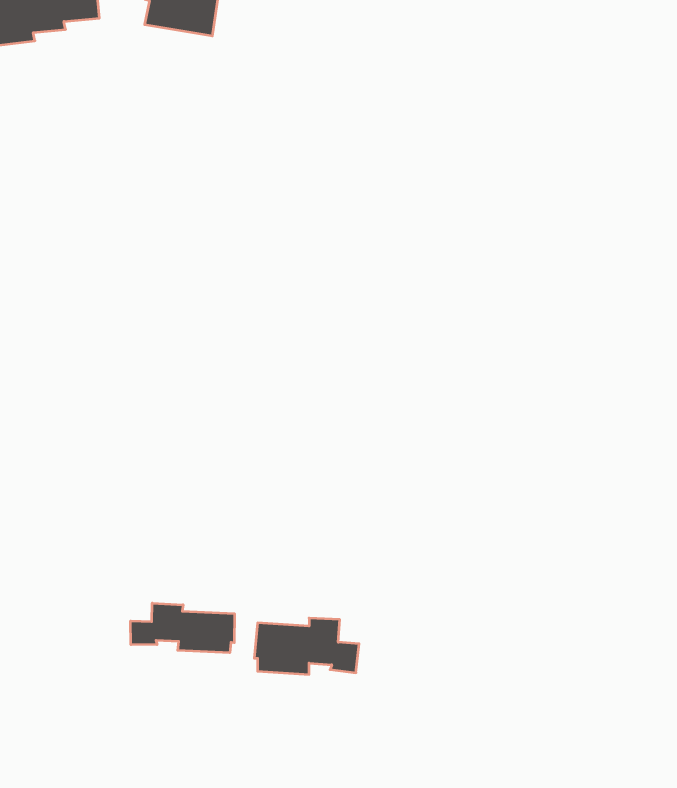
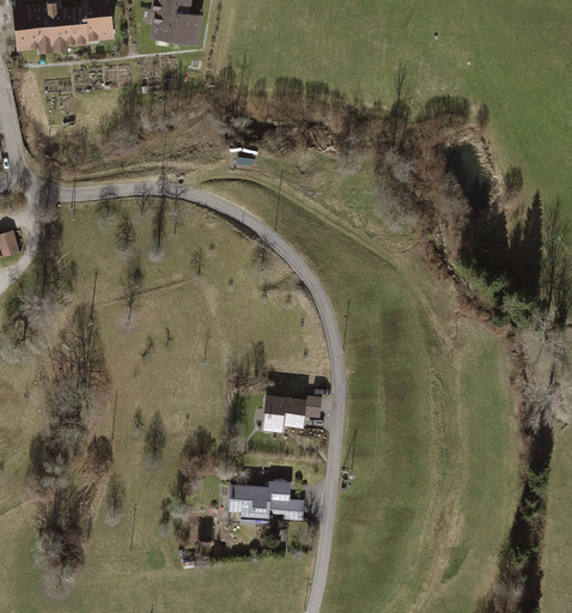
building: none -> [268,397,304,427]
building: [131,603,234,653] -> none

